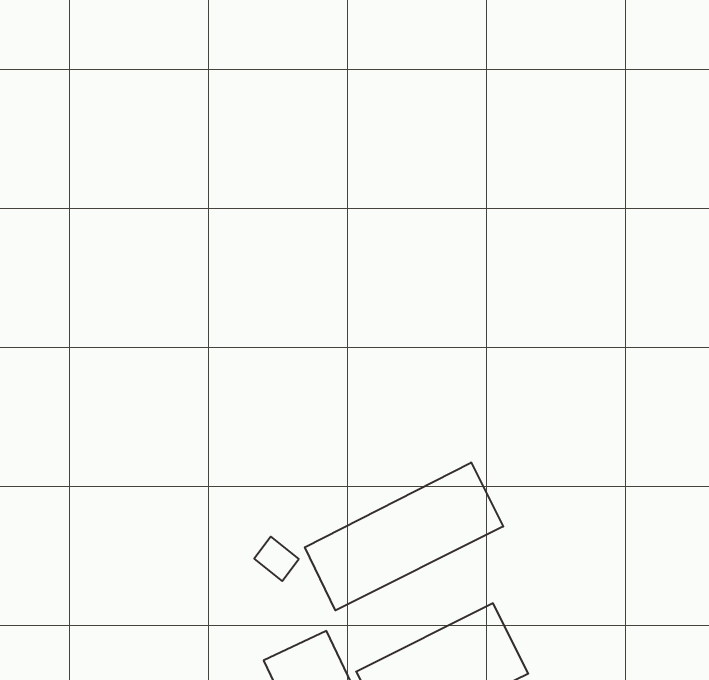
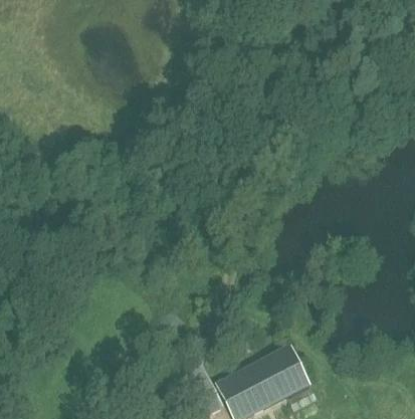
building: [305,462,503,610] -> none

